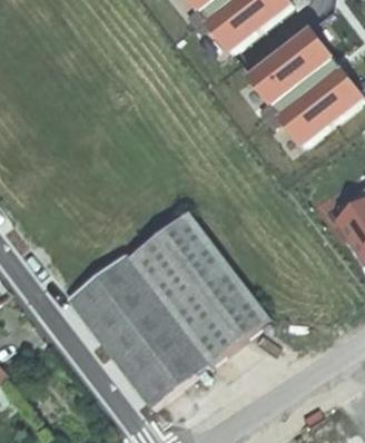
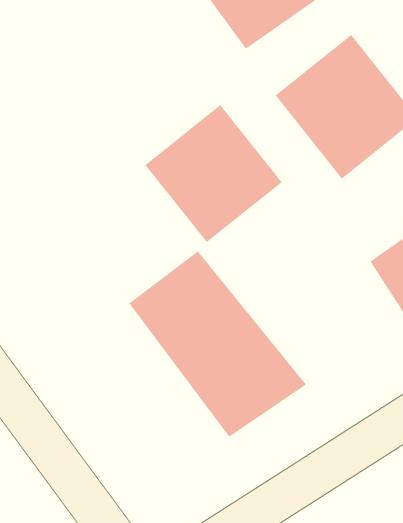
building: none -> [144,104,283,243]
building: [76,243,215,397] -> none

